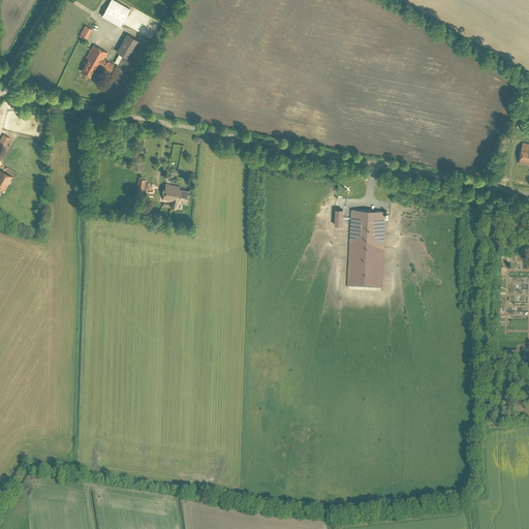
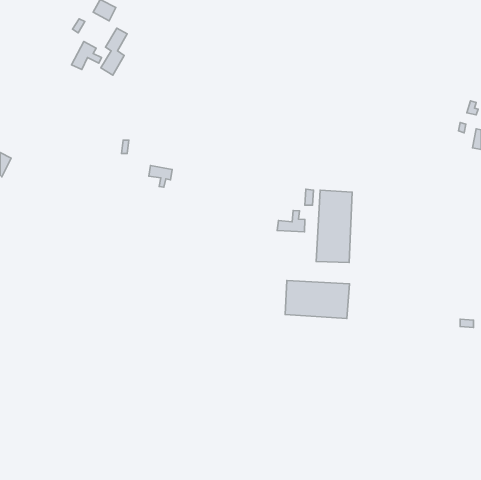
building: none -> [277,211,305,232]
building: none -> [285,280,350,319]

